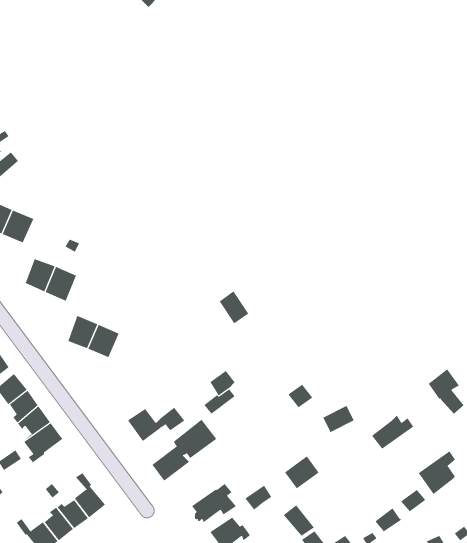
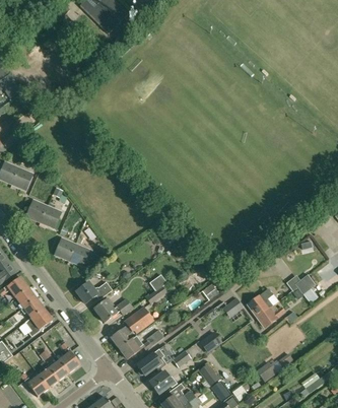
building: none -> [76,281,113,303]
building: [418,450,456,495] -> [247,288,272,318]
building: none -> [119,329,164,359]

